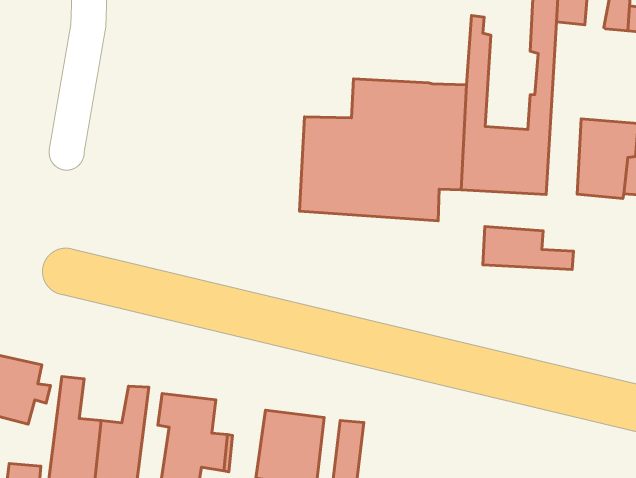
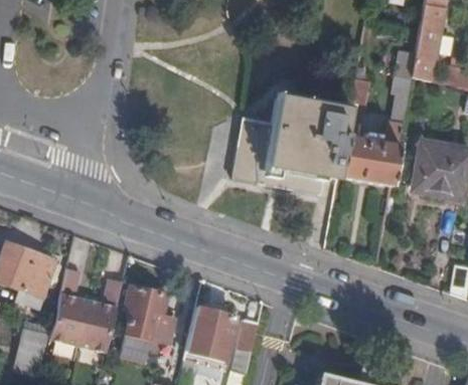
building: [483,226,574,270] -> none

